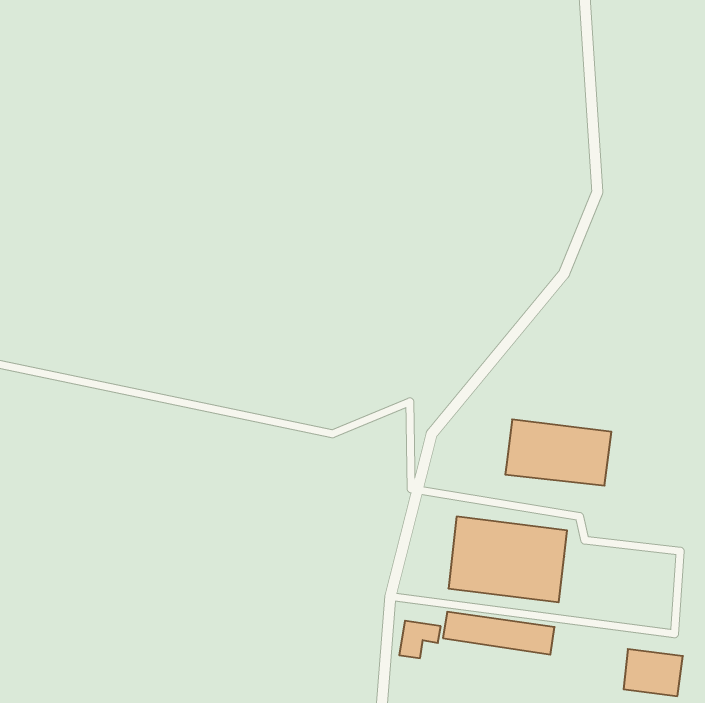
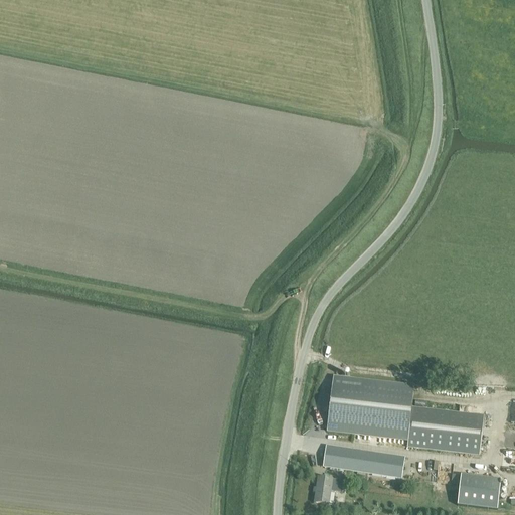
building: [505,419,611,486] -> [406,405,484,454]
building: [399,621,441,658] -> [314,476,344,503]

